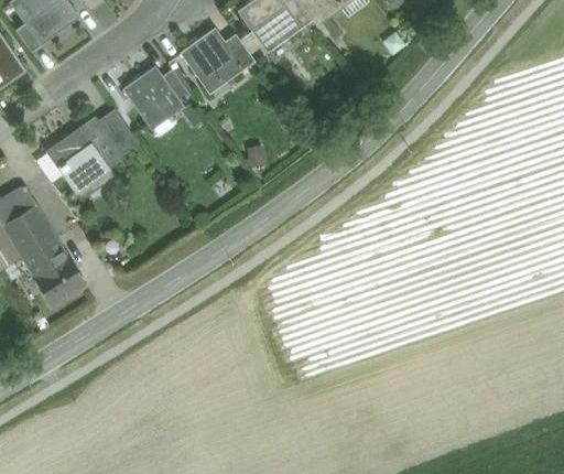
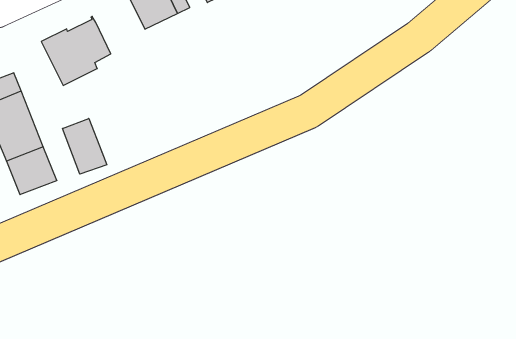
building: [98,108,135,152] -> none
building: none -> [63,118,107,174]

